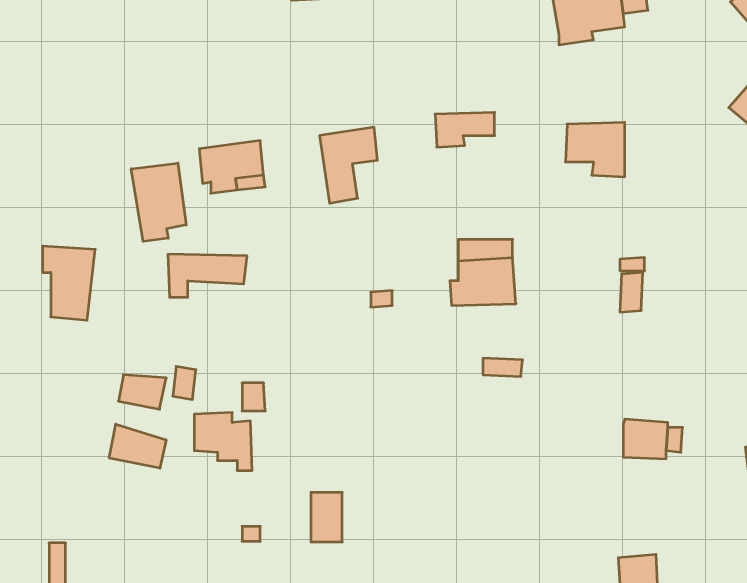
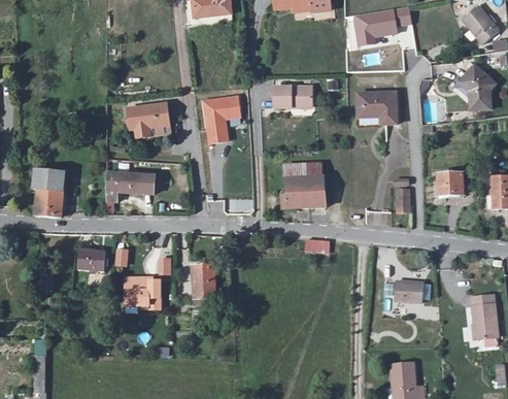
building: [131,163,186,241] -> none
building: none -> [440,172,464,197]
building: [109,424,166,468] -> none
building: [311,492,342,542] -> [196,268,215,299]

